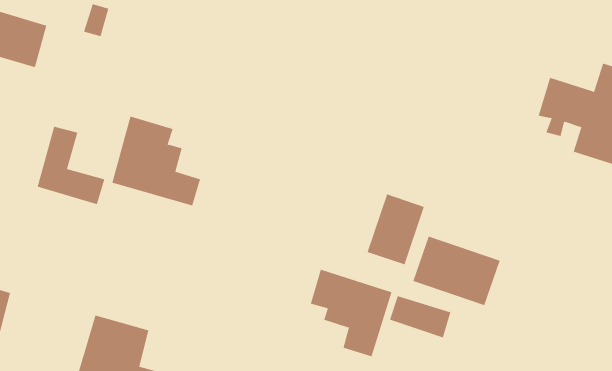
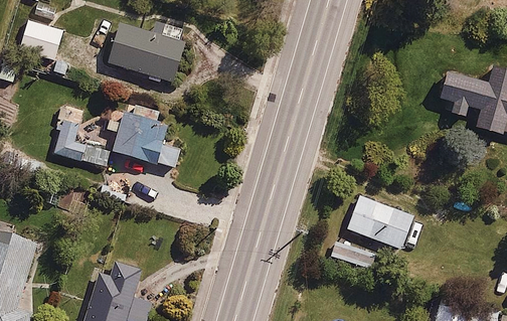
building: none -> [109,23,187,87]
building: [367,194,425,265] -> none
building: [310,269,392,357] -> none

